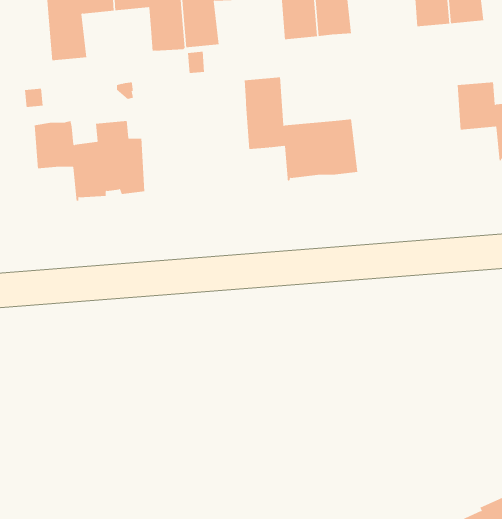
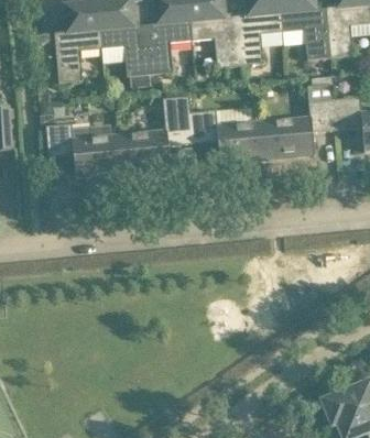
building: none -> [263,84,337,158]
building: none -> [120,96,193,172]

